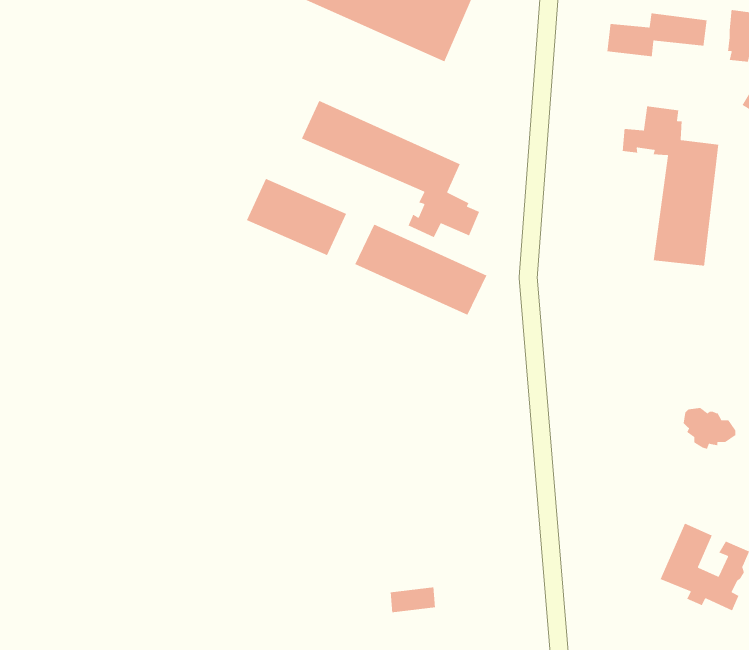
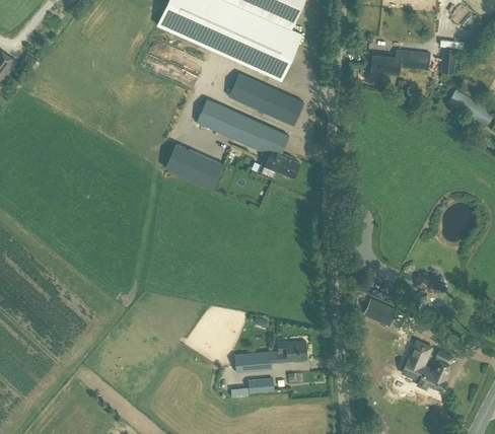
building: [622,106,719,267] -> none
building: [354,223,487,316] -> [228,73,304,126]
building: none -> [363,298,396,326]
building: none -> [233,339,306,372]

